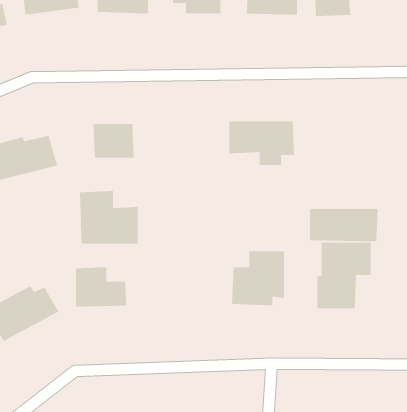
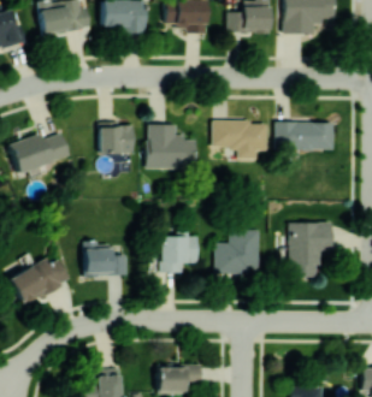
building: [79,191,139,244] -> [148,124,197,168]
building: [309,209,379,242] -> [277,123,335,150]
building: none -> [160,236,199,273]

